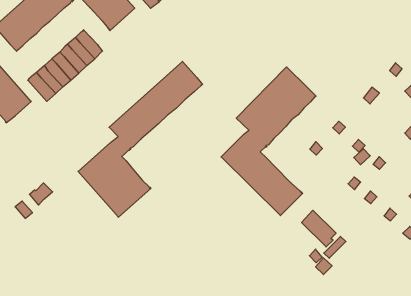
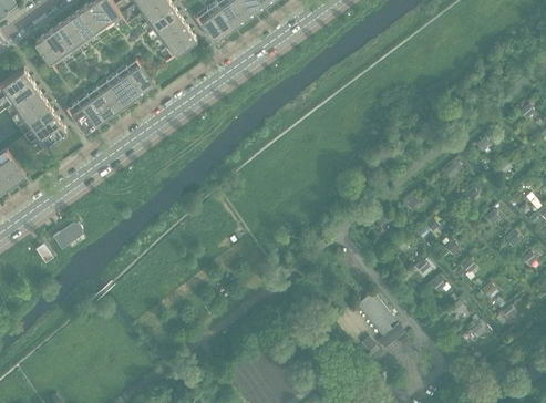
building: [78,61,203,217] -> none
building: [221,67,316,216] -> none

